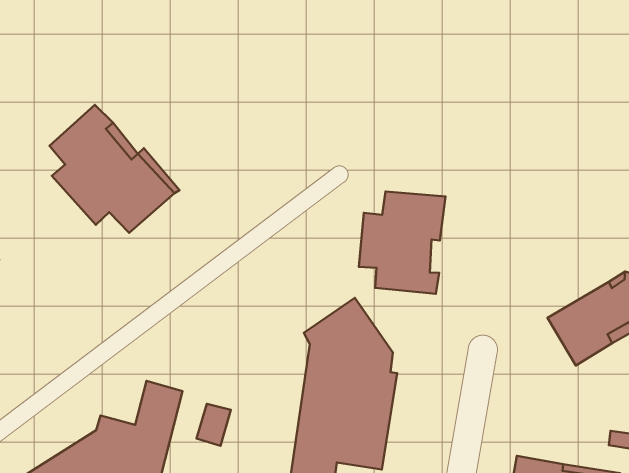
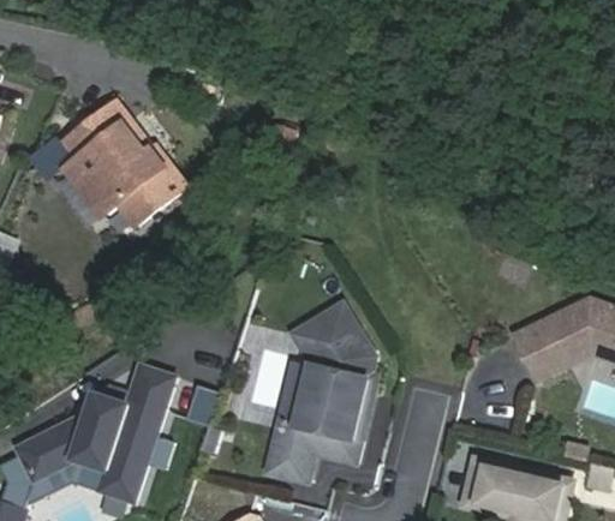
building: [359,191,445,294] -> none

